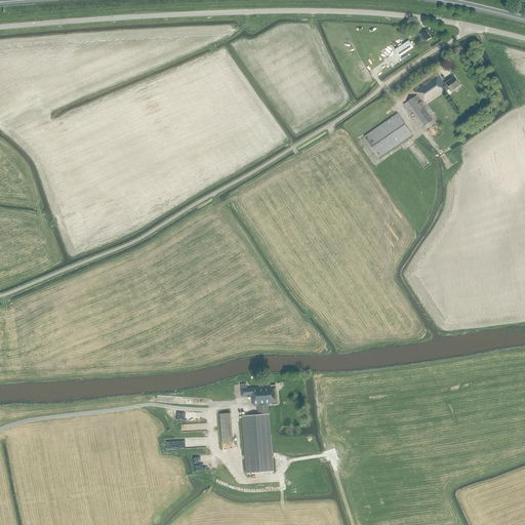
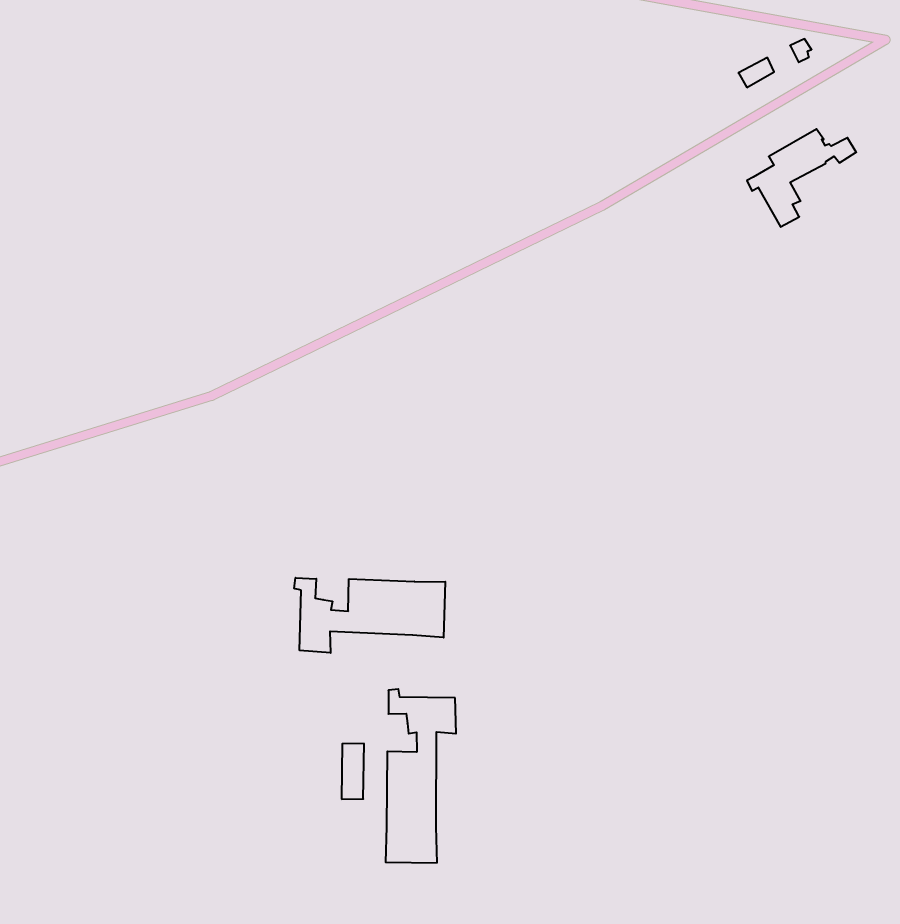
building: [363,113,411,157] -> none
building: none -> [294,578,445,653]

